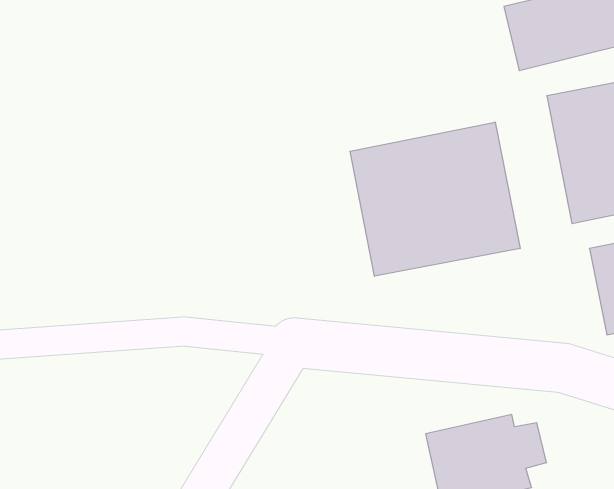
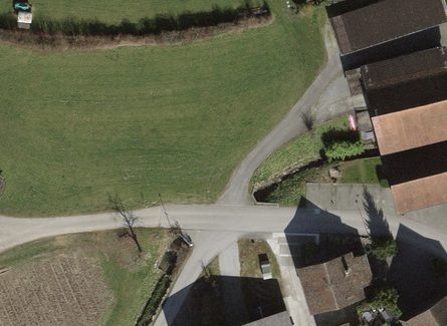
building: [350,122,520,276] -> none

